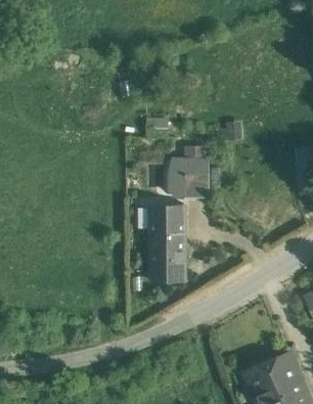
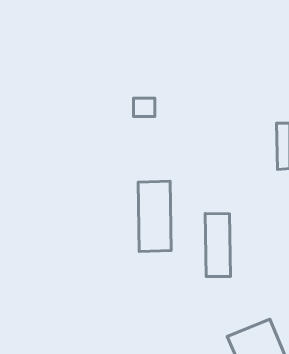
building: [166,156,210,197] -> none
building: none -> [205,214,230,277]

